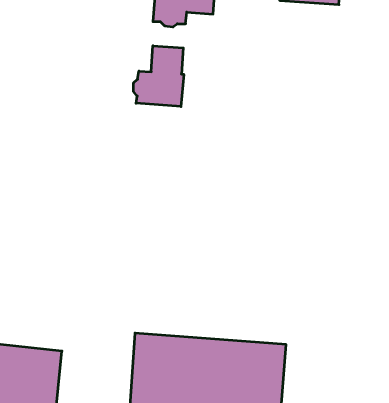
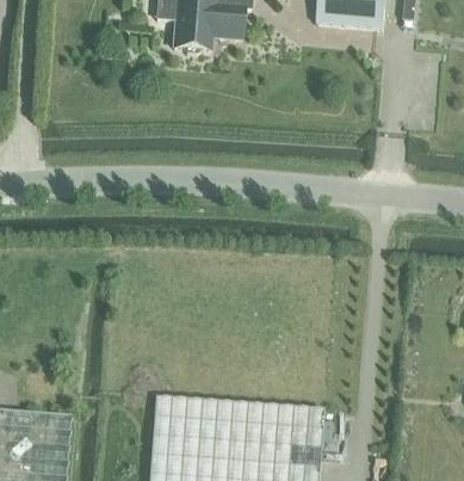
building: [133,46,184,107] -> none

